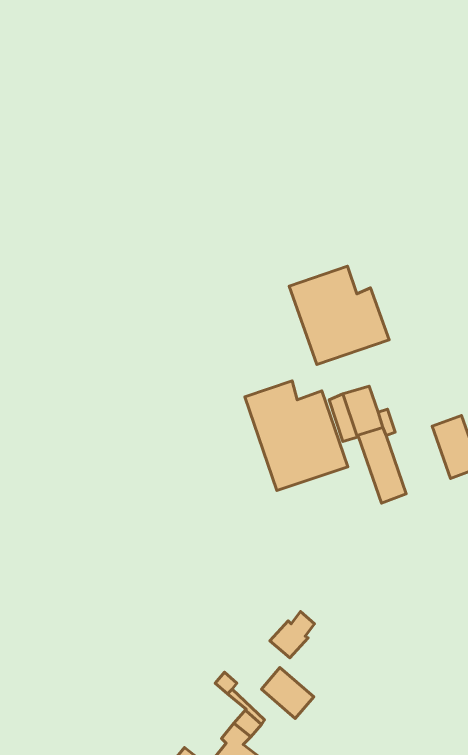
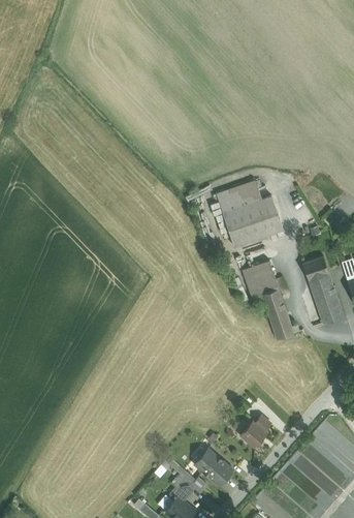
building: none -> [303,256,331,288]
building: [245,381,348,490] -> none
building: [270,612,314,658] -> [242,416,271,447]

